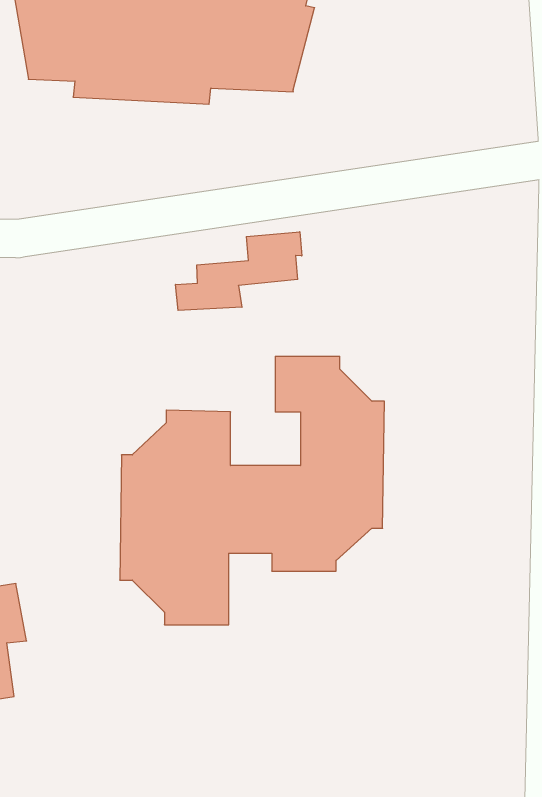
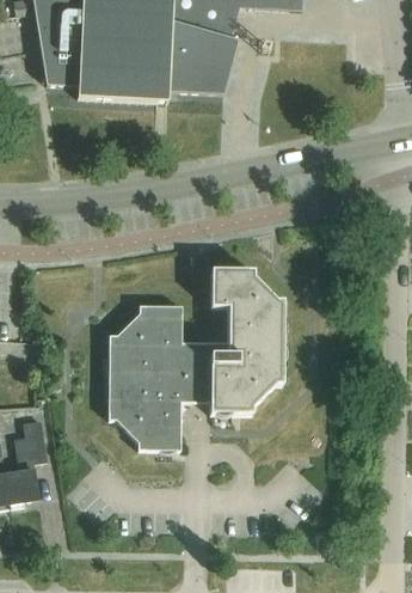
building: [176,232,302,310] -> none

